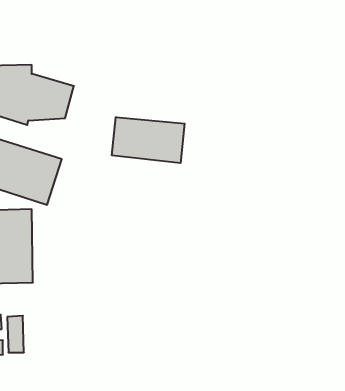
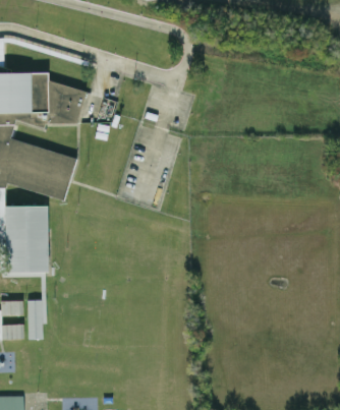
building: [112,117,185,163] -> none

